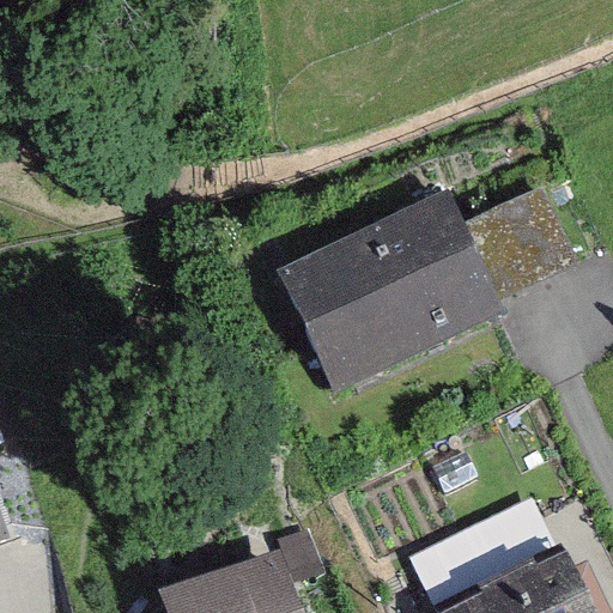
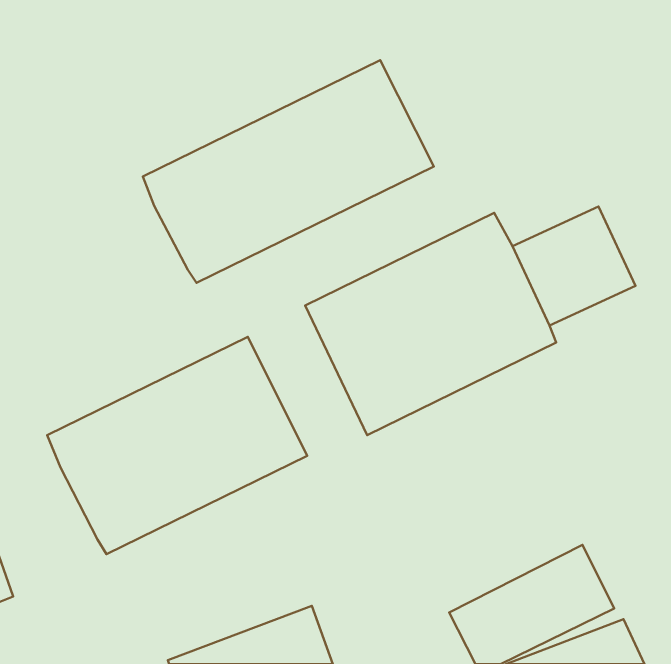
building: none -> [143,60,434,283]
building: none -> [47,337,307,554]

